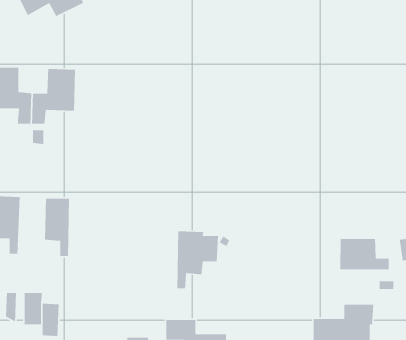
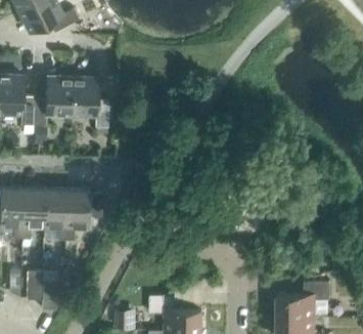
building: none -> [71,78,108,128]
building: none -> [21,189,45,240]
building: [176,230,219,289] -> [65,190,102,241]
building: [339,238,390,270] -> none

